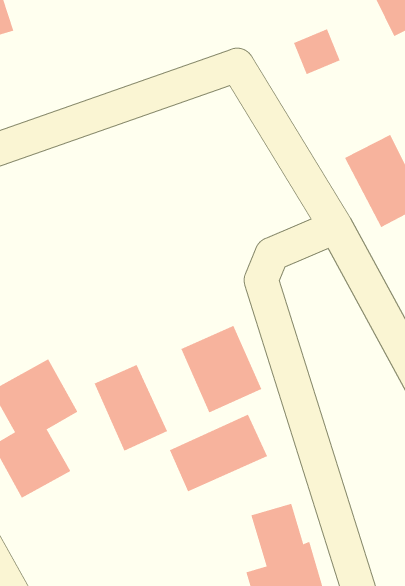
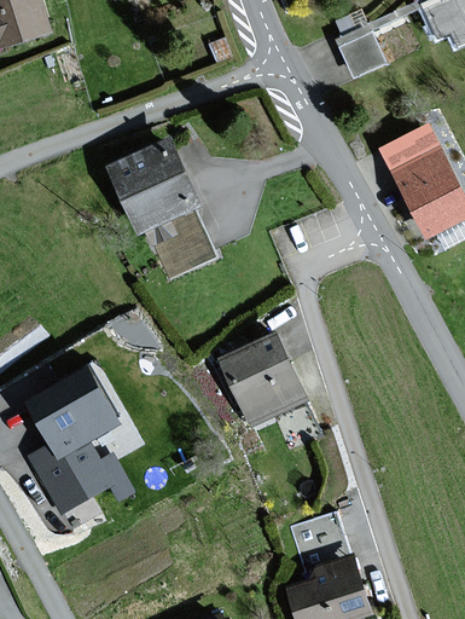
building: none -> [109,138,211,277]
building: [94,364,168,452] -> none
building: [169,414,268,492] -> none

